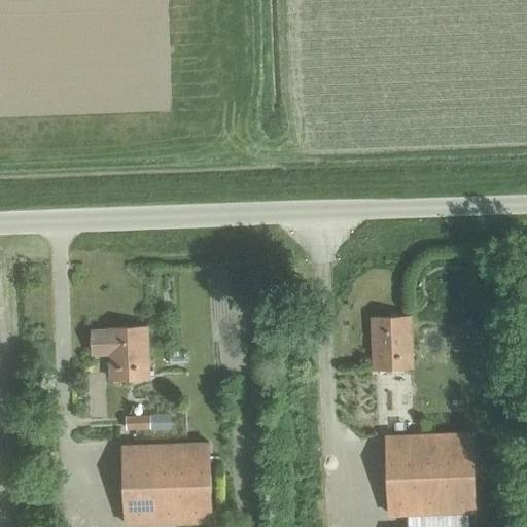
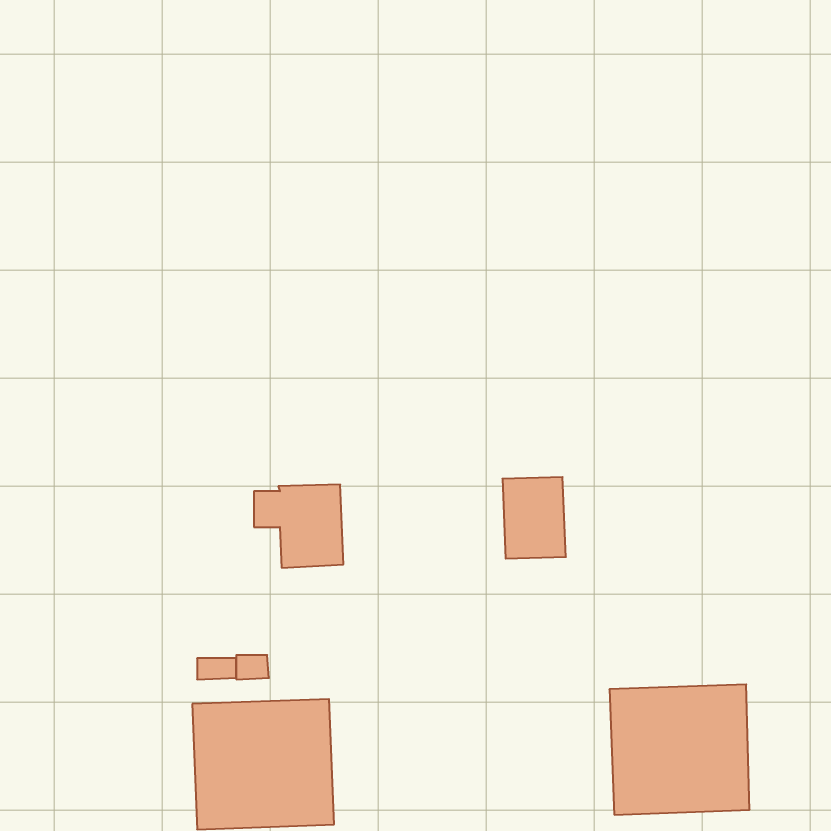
building: [371,317,411,368] -> [502,477,566,559]
building: [92,327,148,380] -> [254,485,343,568]

